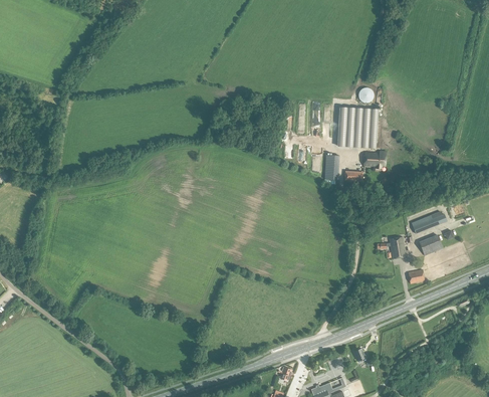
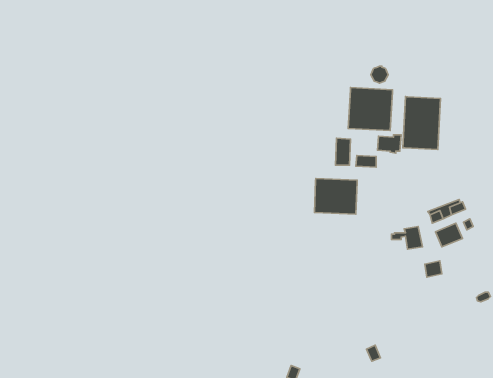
building: none -> [403,97,440,149]
building: none -> [315,179,357,214]

